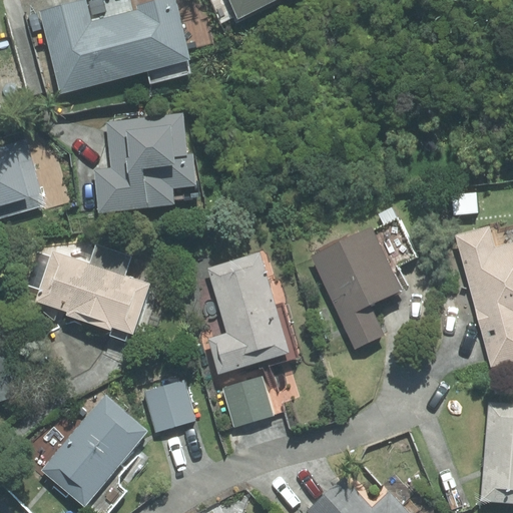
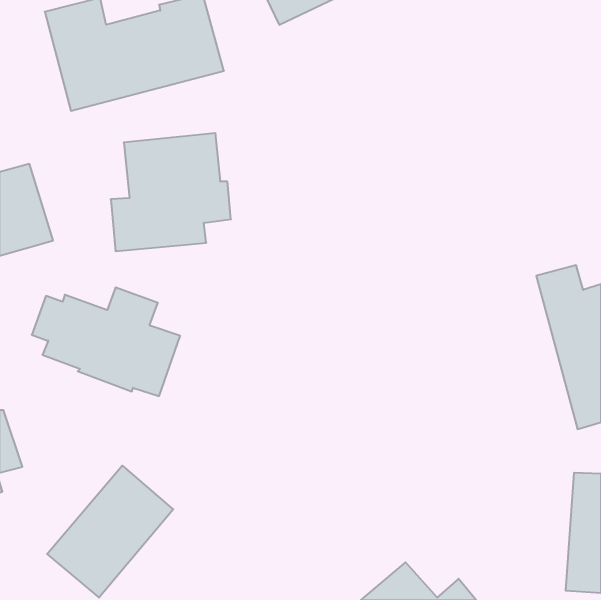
building: [312,207,417,347] -> none
building: [206,252,290,375] -> none
building: [221,376,274,427] -> none
building: [143,378,195,430] -> none

